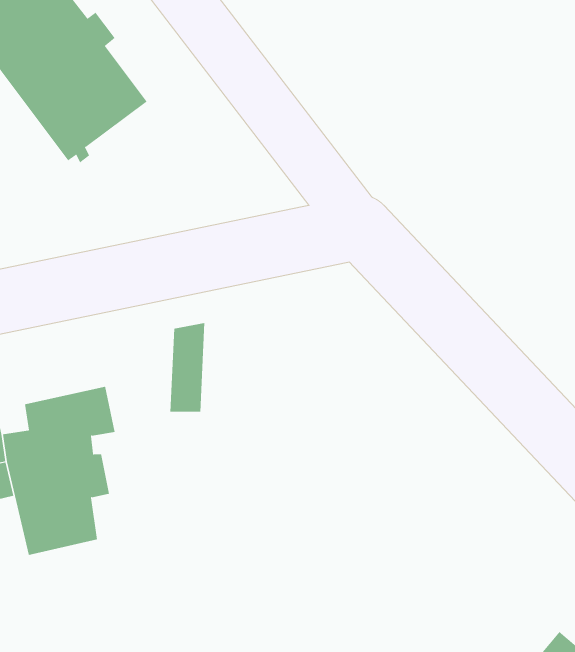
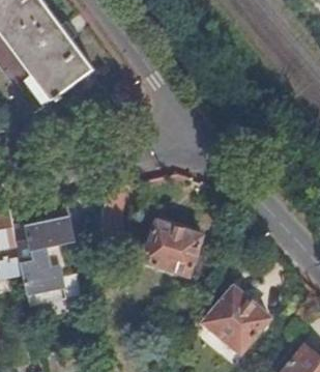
building: none -> [144,222,201,275]
building: none -> [204,286,269,351]

